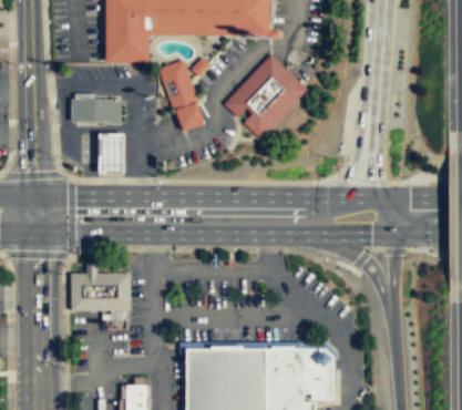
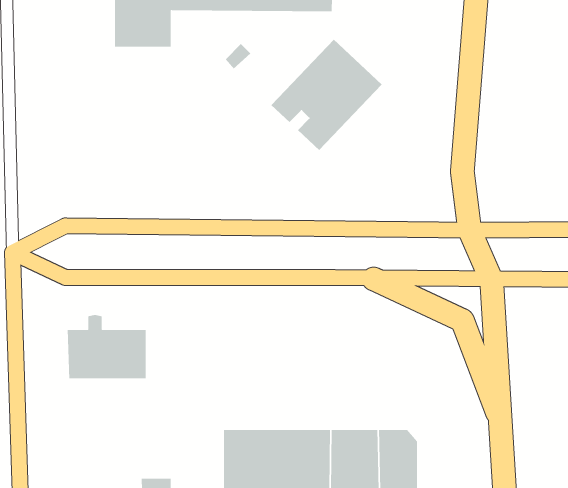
building: [158,63,204,133] -> none
building: [71,99,121,123] -> none
building: [99,132,124,173] -> none

